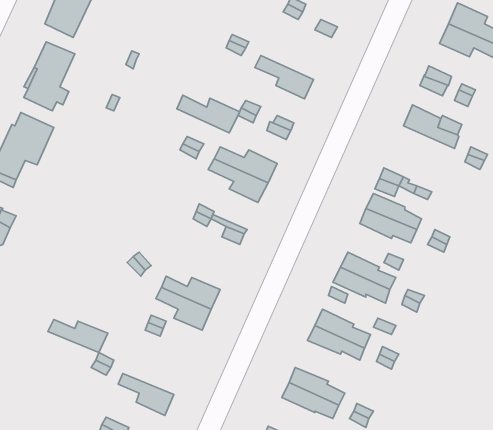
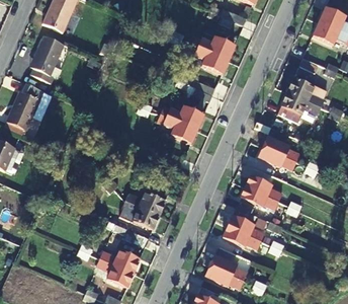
building: [177,95,240,133] -> [190,34,233,60]
building: none -> [275,91,321,122]
building: [48,320,108,353] -> [97,250,138,273]

